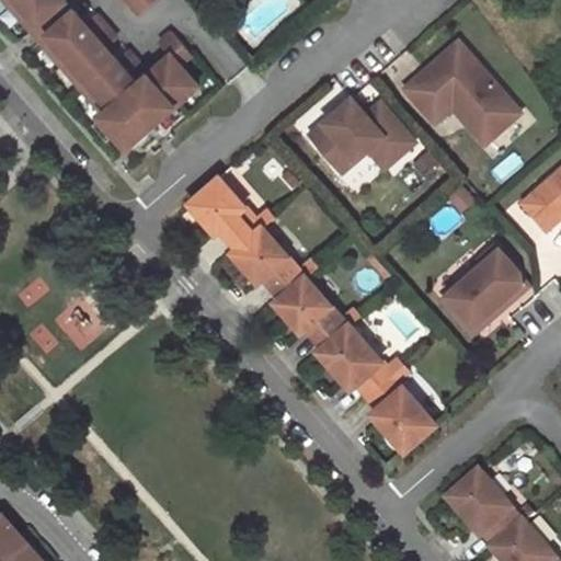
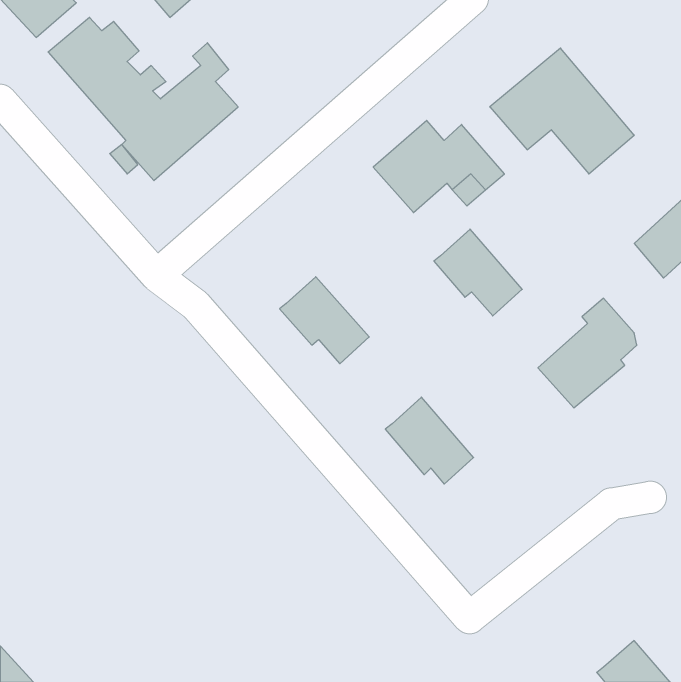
building: [187,178,261,249] -> none
building: [275,276,347,347] -> [434,229,522,316]
building: [366,375,434,451] -> none
building: [449,477,522,547] -> none

